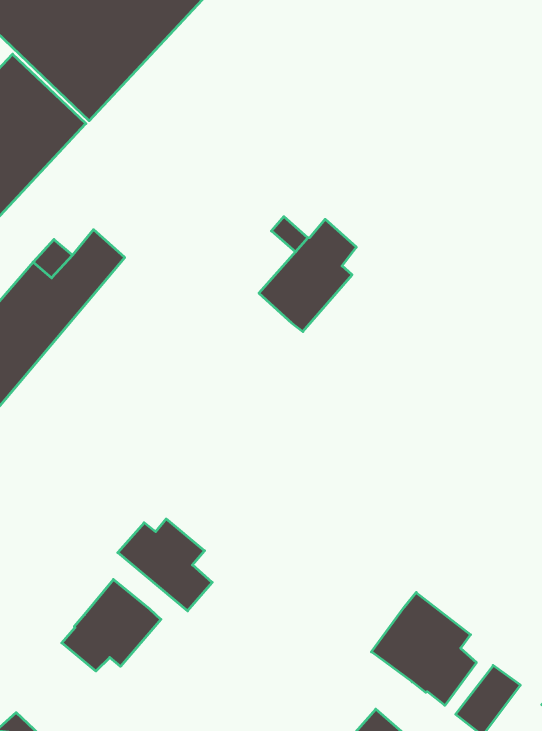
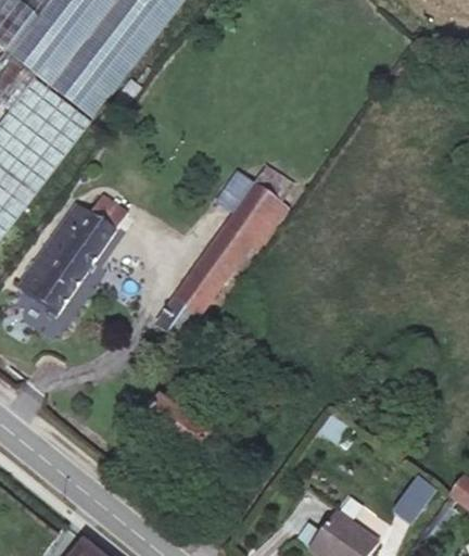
building: none -> [157,226,250,340]
building: [62,579,161,671] -> none
building: [371,592,476,705] -> none

